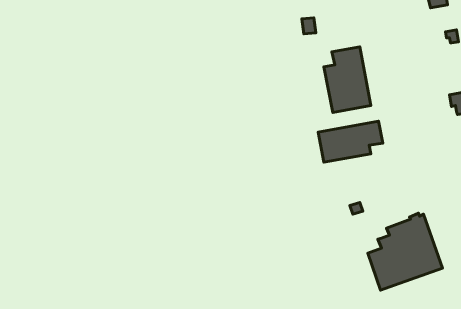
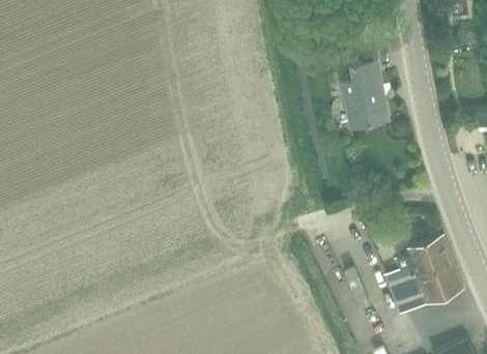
building: [318,121,383,162] -> none

